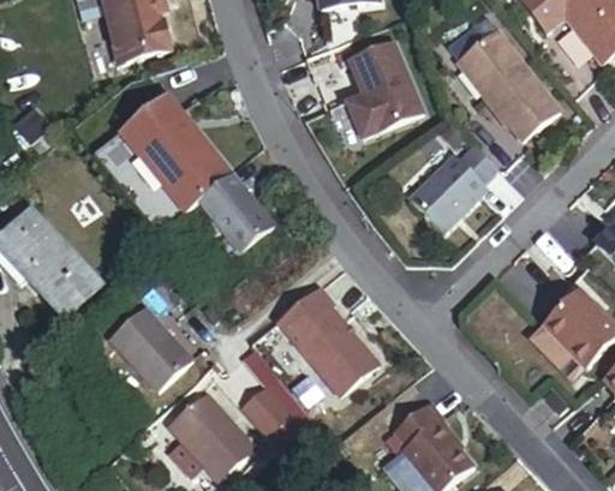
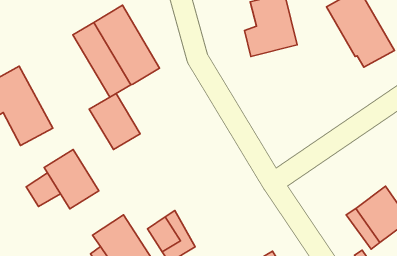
building: [411,144,497,232] -> none
building: [202,178,277,256] -> [89,93,140,149]
building: [280,291,381,399] -> none
building: none -> [26,173,60,207]

